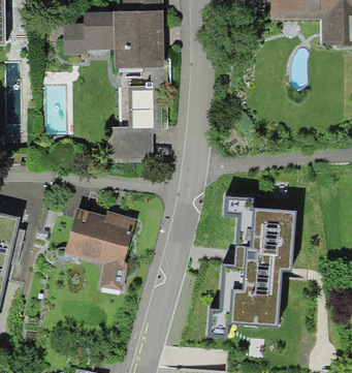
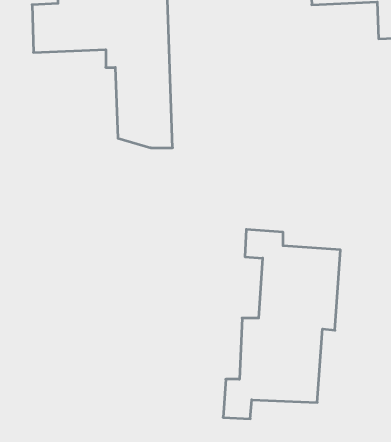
building: [106,123,151,158] -> none
building: [65,209,138,289] -> none

